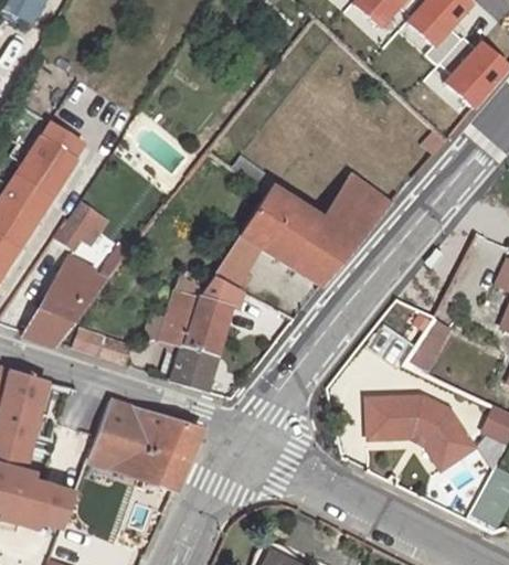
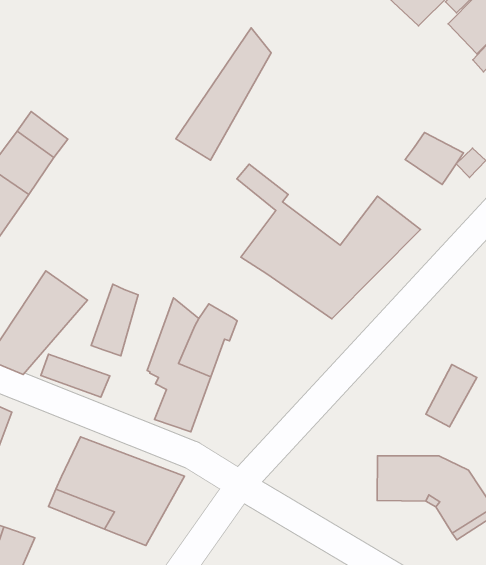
building: none -> [176,28,271,160]
building: none -> [405,133,464,185]
building: [57,201,102,248] -> none
building: [214,235,263,288] -> none
building: none -> [91,284,138,356]

